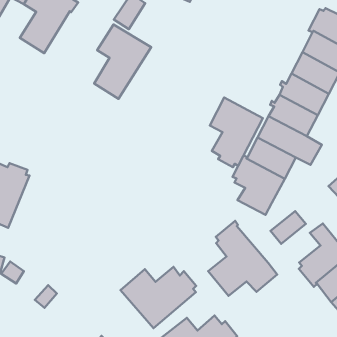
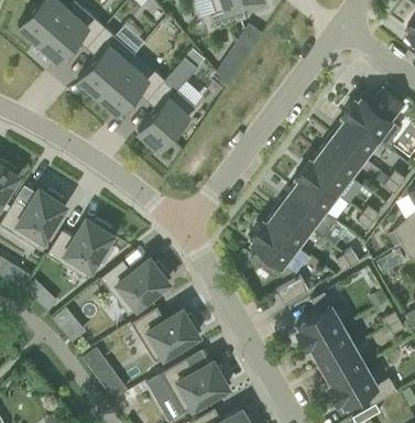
building: none -> [98,63,165,115]
building: [210,98,263,167] -> none
building: none -> [47,219,113,280]
building: none -> [100,259,171,315]
building: [208,221,277,296] -> none

